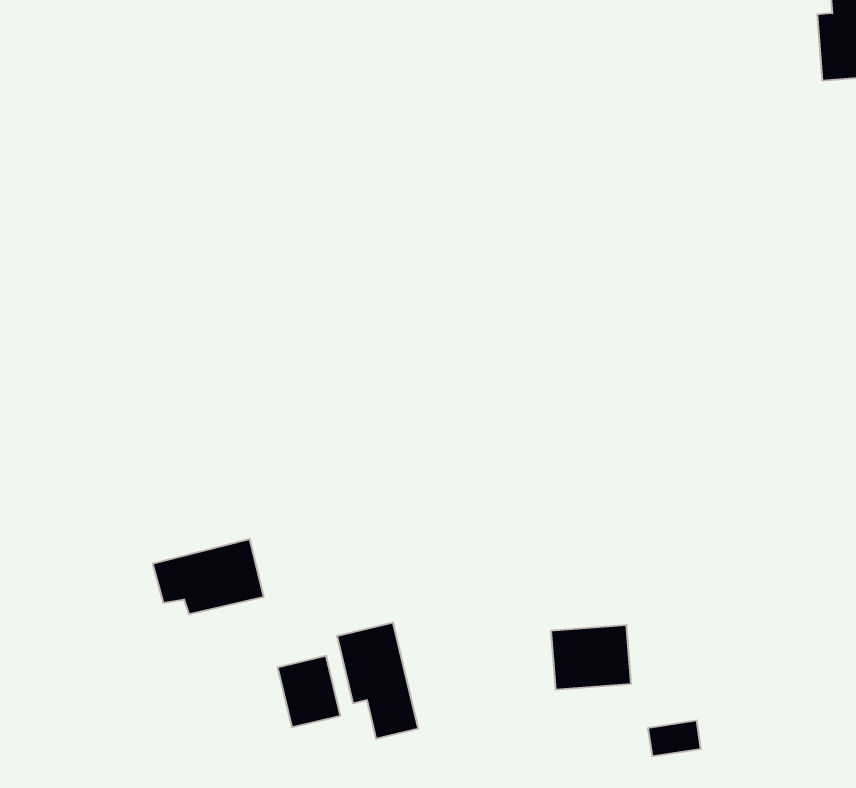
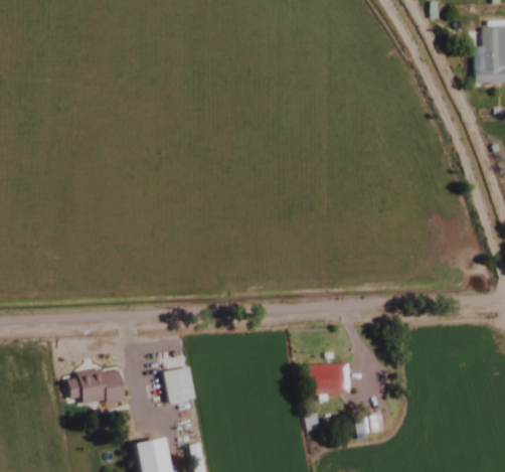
building: [153,539,264,614] -> [66,368,124,406]
building: [337,622,418,739] -> none

